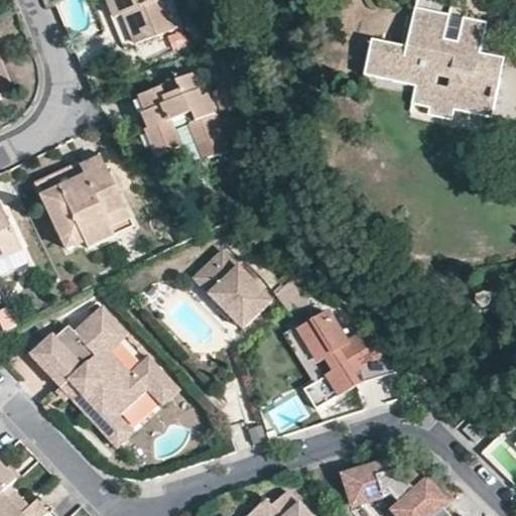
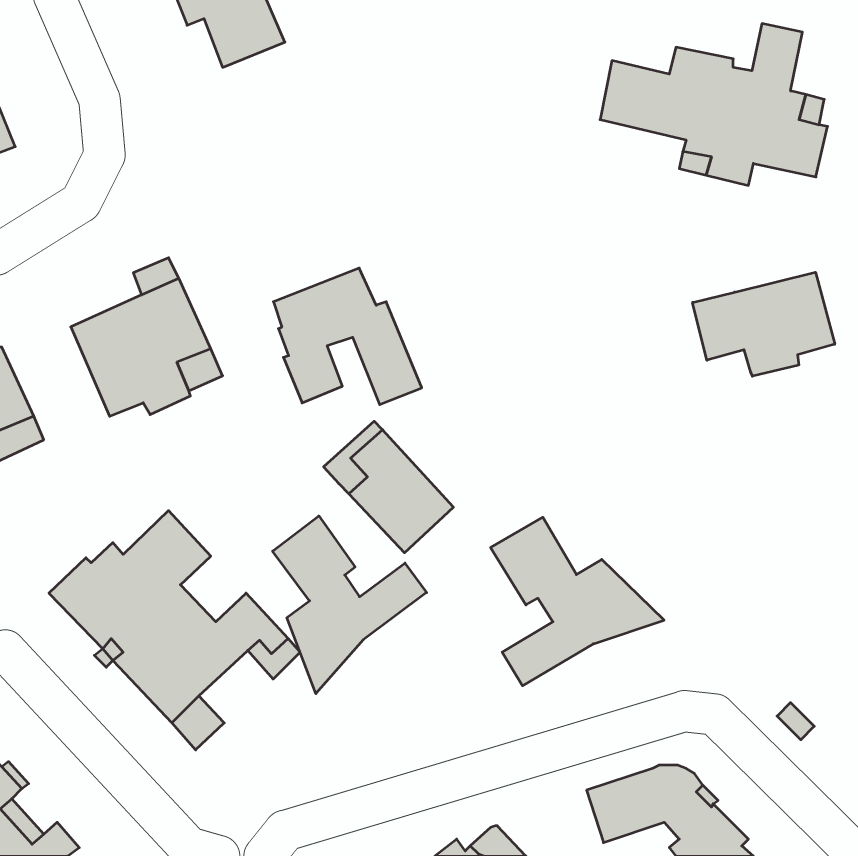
building: [404,4,443,35] -> none
building: [136,75,225,156] -> [273,268,422,405]
building: none -> [693,272,835,376]
building: none -> [273,516,427,694]

